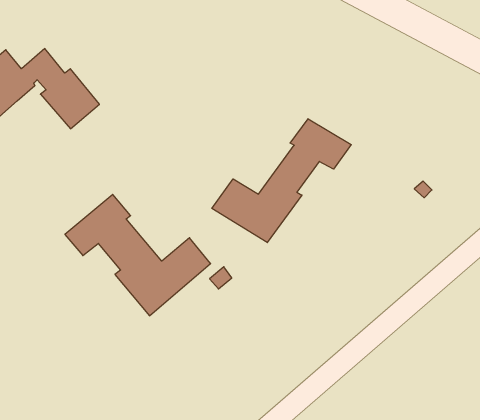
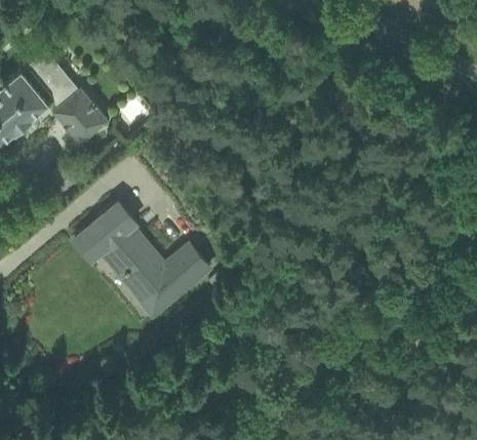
building: [212,119,351,243] -> none

